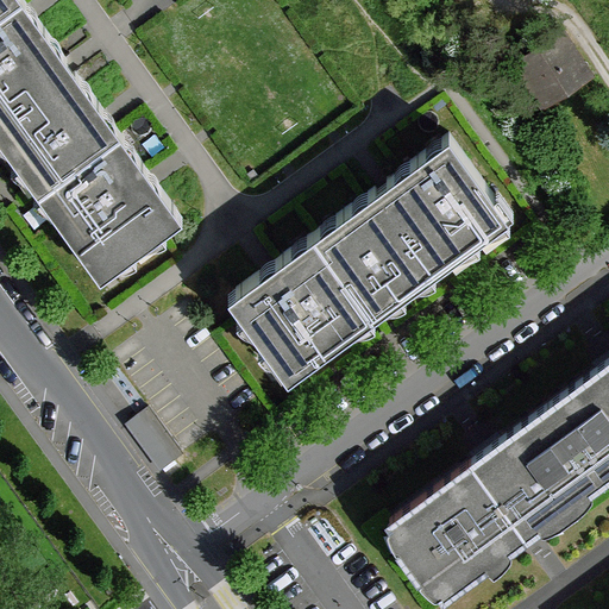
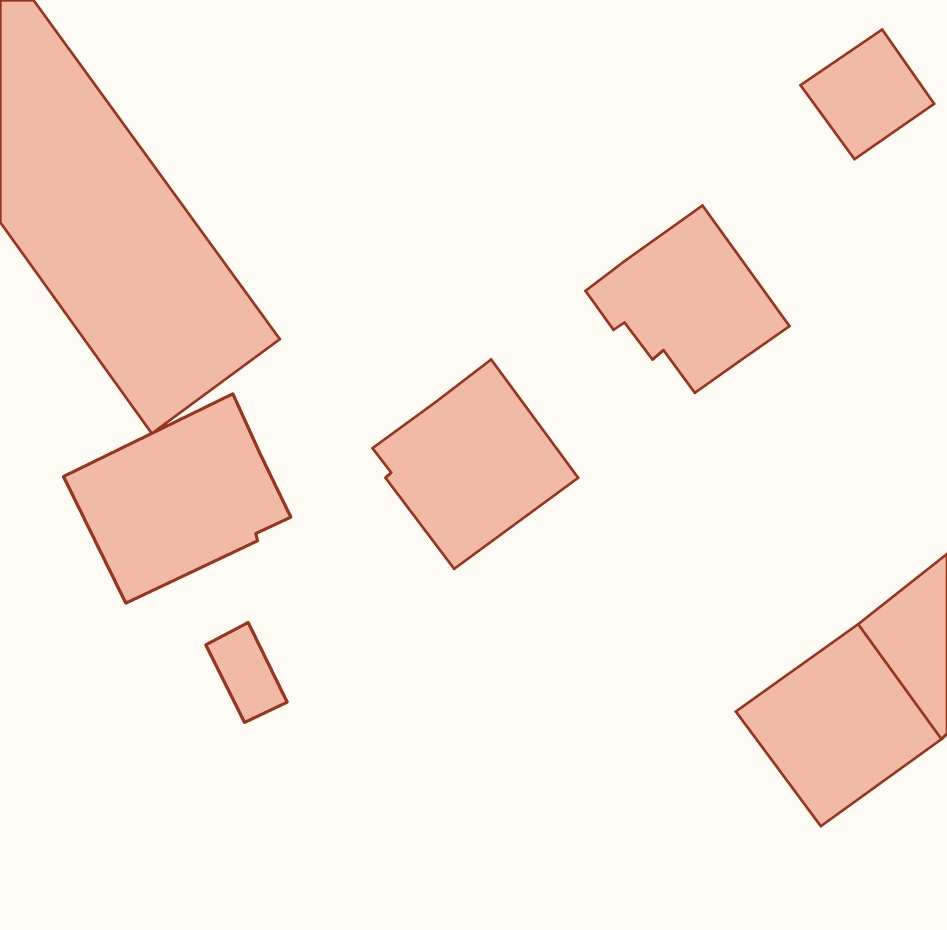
building: [315,197,446,318] -> none
building: none -> [64,394,291,603]
building: [390,467,527,601] -> none

